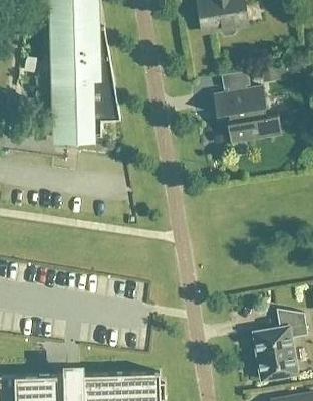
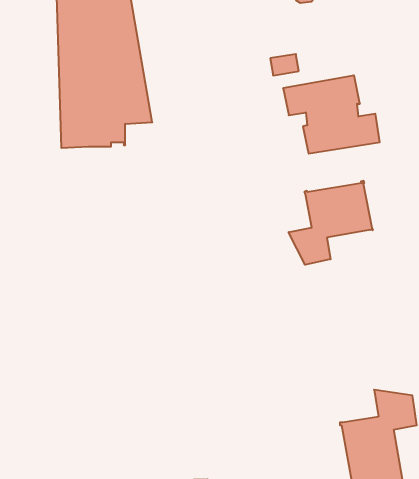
building: none -> [289,181,373,265]

